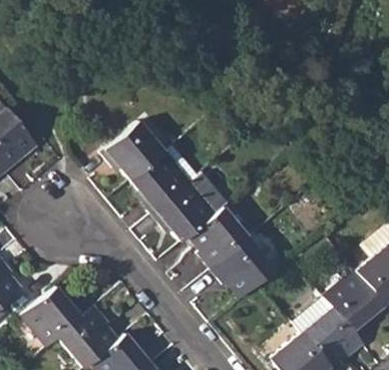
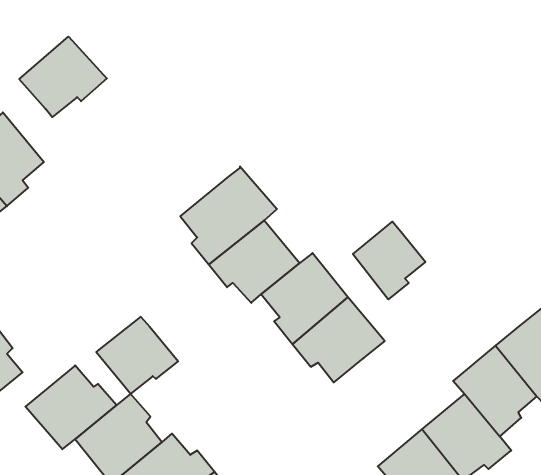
building: none -> [19,37,107,117]
building: [101,120,165,179] -> none
building: none -> [353,222,425,299]
building: none -> [96,317,178,394]

